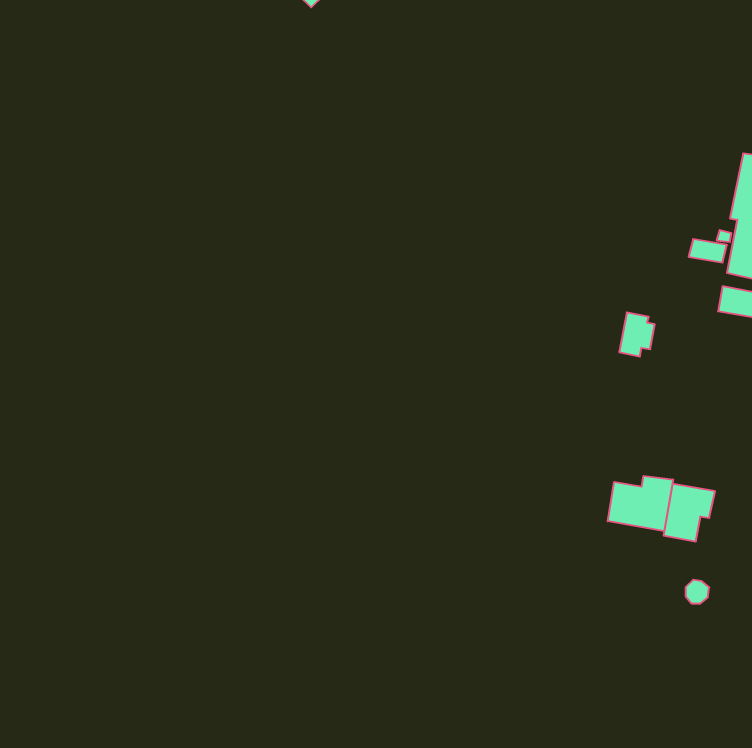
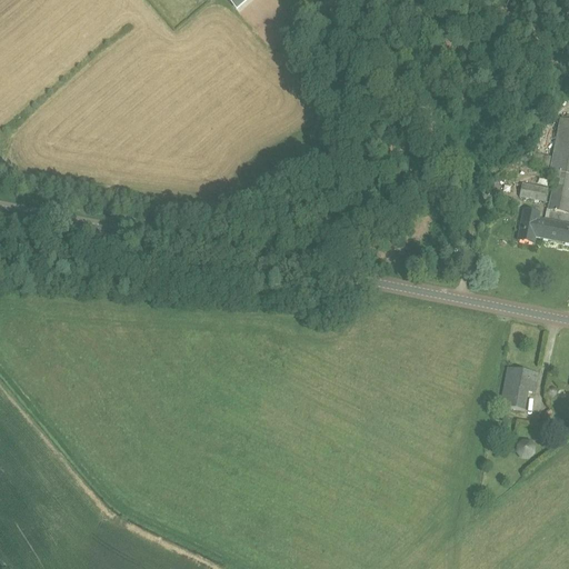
building: [619,312,655,357] -> [519,207,546,240]
building: [608,476,673,531] -> none

